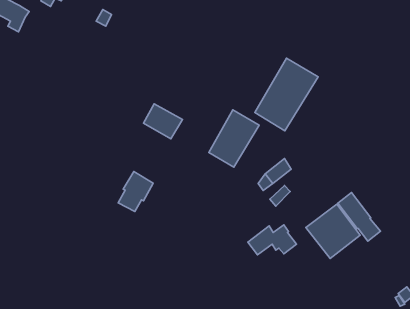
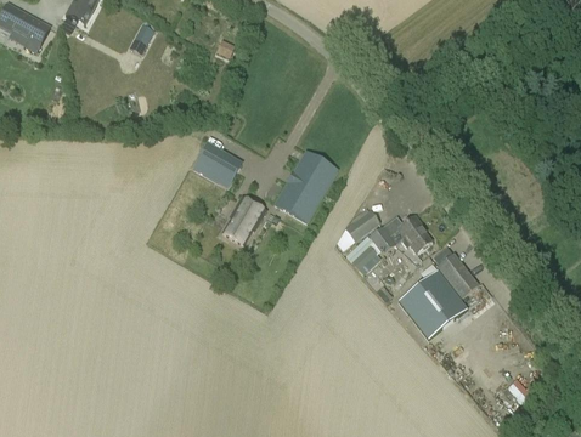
building: [255,58,318,131] -> none
building: [118,172,153,212] -> [222,195,266,245]
building: [248,225,296,255] -> [371,216,431,254]

